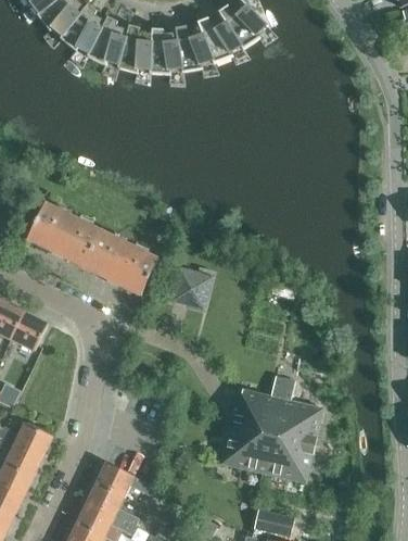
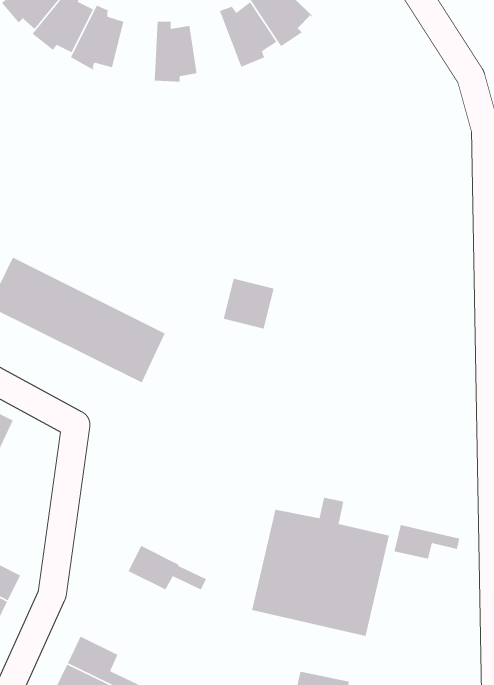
building: [175,21,213,71] -> none
building: [117,24,151,73] -> none
building: [170,268,208,306] -> [223,278,274,329]
building: none -> [394,524,460,560]
building: [94,462,153,495] -> [127,545,207,591]

